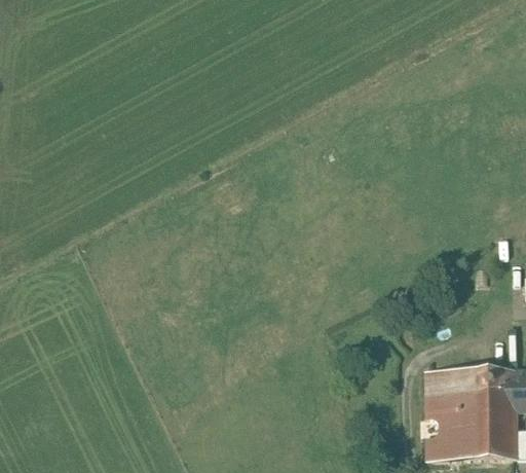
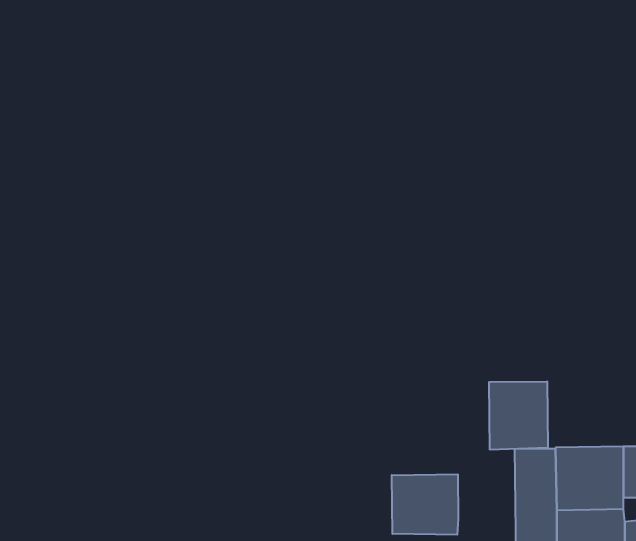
building: none -> [489,381,548,450]
building: none -> [392,474,458,535]

